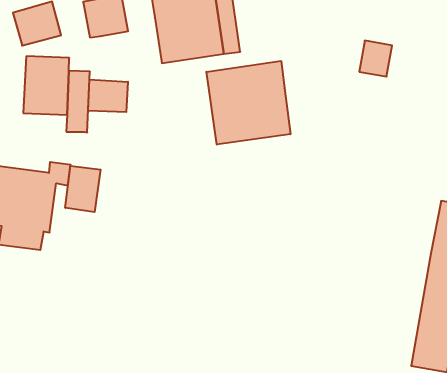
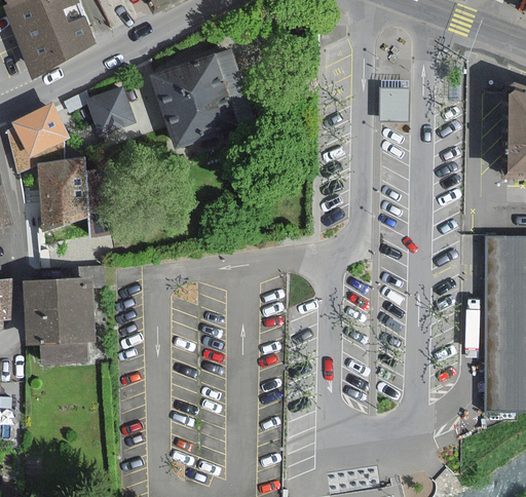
building: [206,61,290,145] -> none
building: [88,80,128,112] -> none
building: [65,166,101,212] -> none

